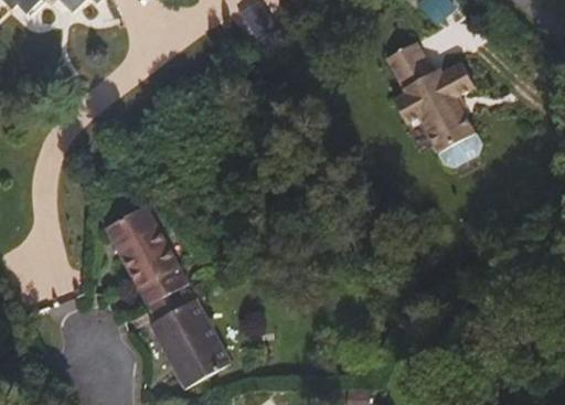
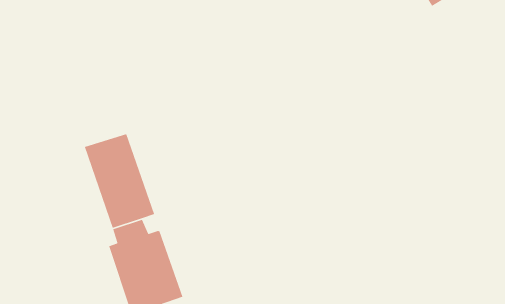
building: [381,42,468,154] -> none

